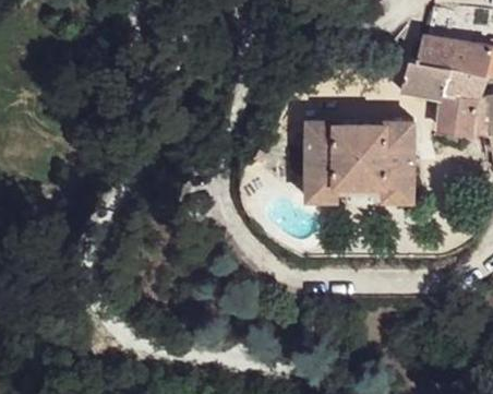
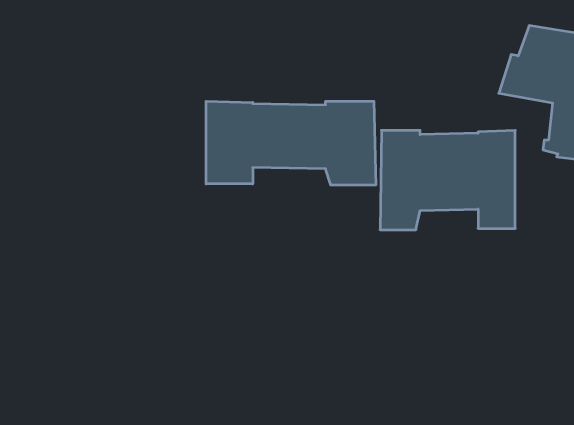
building: none -> [206,101,376,185]

